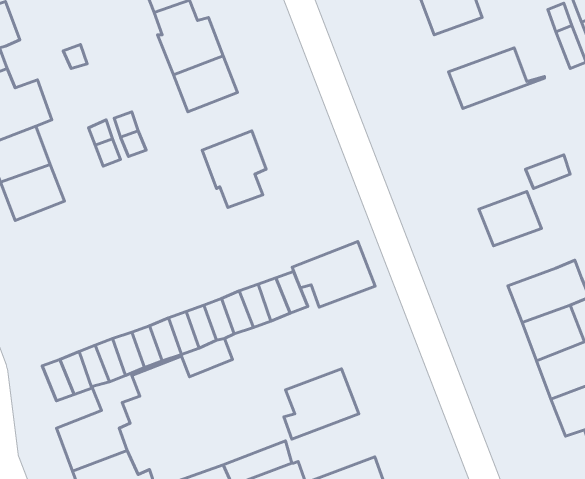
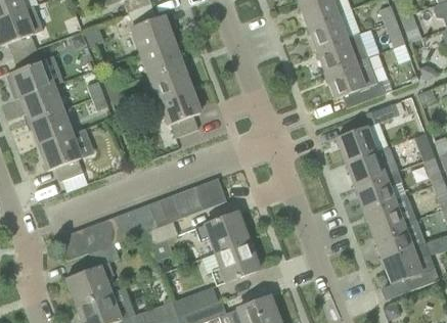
building: none -> [308,15,359,50]
building: none -> [326,54,388,107]
building: none -> [150,63,191,100]
building: none -> [40,133,84,181]
building: none -> [346,150,386,187]
building: [292,242,375,307] -> [195,212,249,253]

